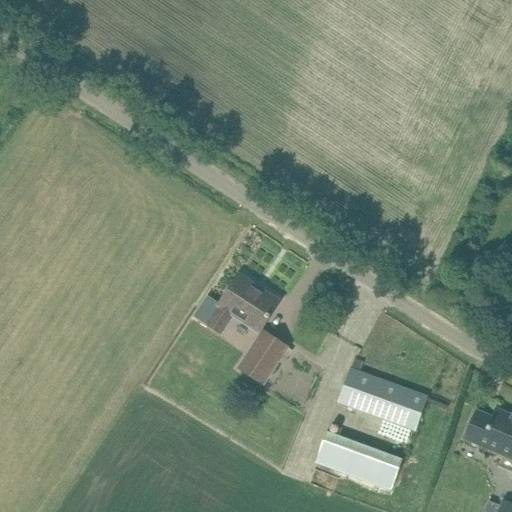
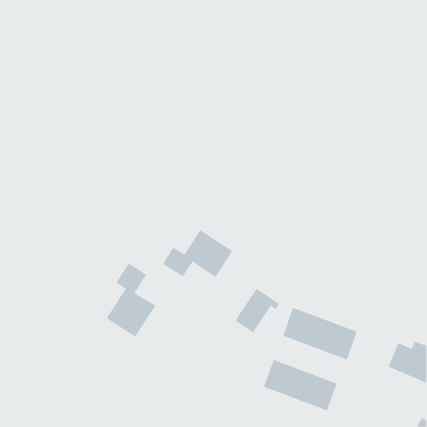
building: none -> [106,262,156,337]
building: [238,331,292,385] -> [234,288,279,333]

